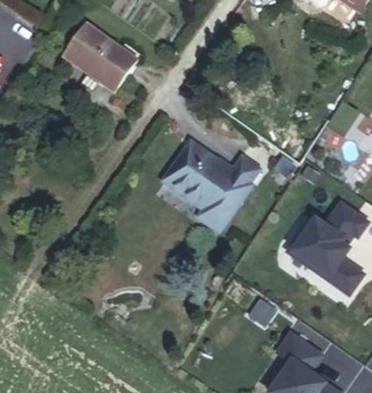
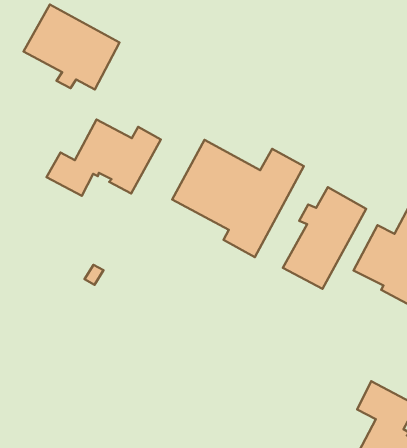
building: none -> [46,119,161,196]
building: none -> [283,187,366,289]

